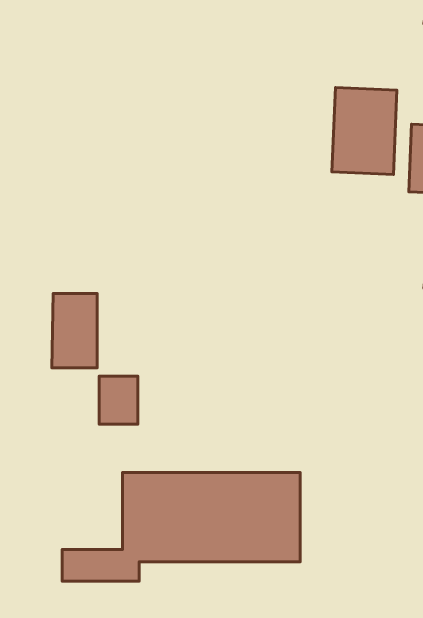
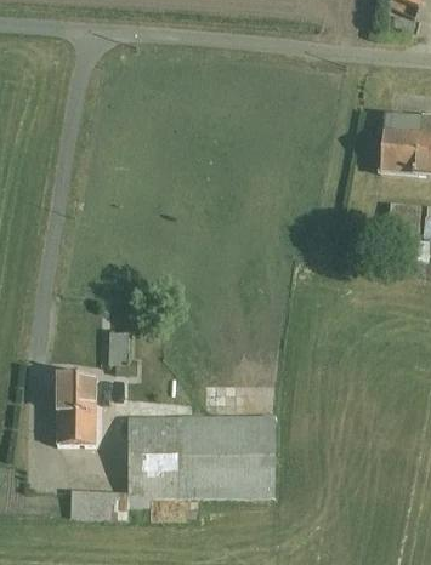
building: [332,88,397,175] -> none
building: [52,294,97,368] -> [55,378,95,444]

